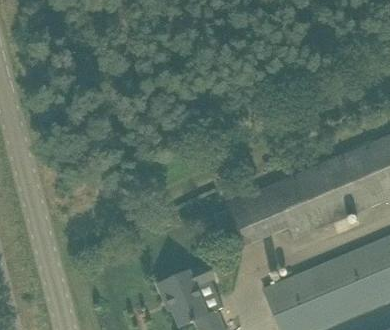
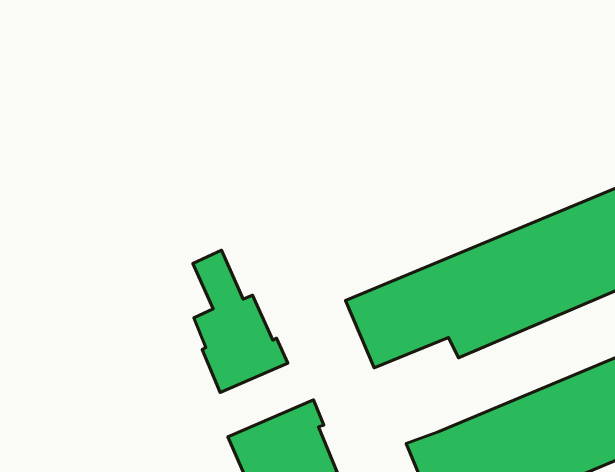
building: none -> [193,250,288,392]

